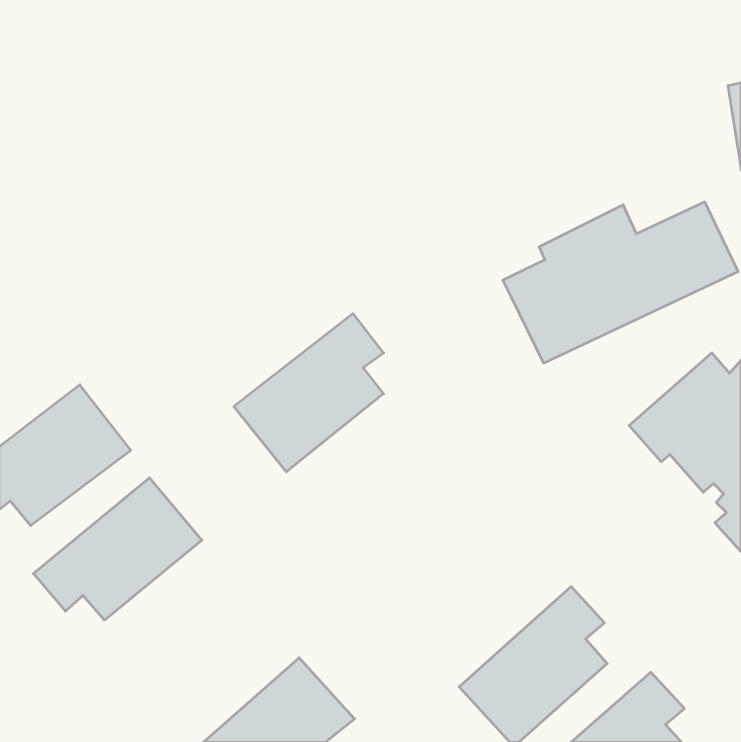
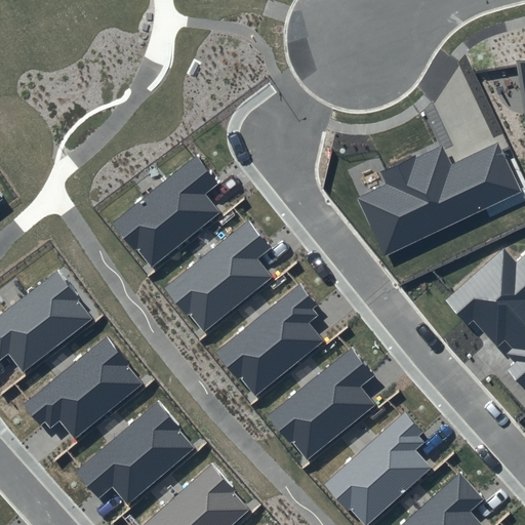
building: none -> [113,156,218,268]
building: none -> [217,284,323,396]
building: none -> [269,350,374,460]
building: none -> [76,402,194,503]

